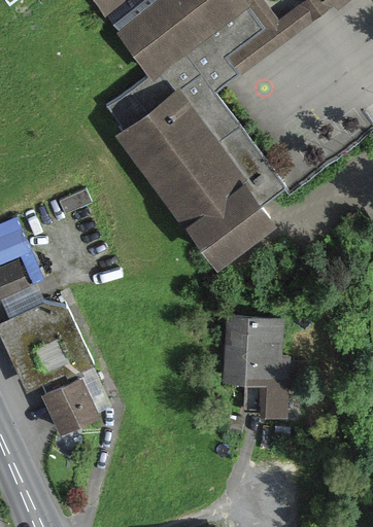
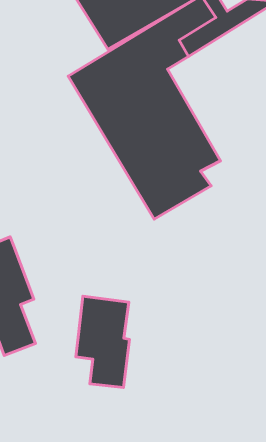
building: [226,314,284,413] -> [76,296,129,388]

